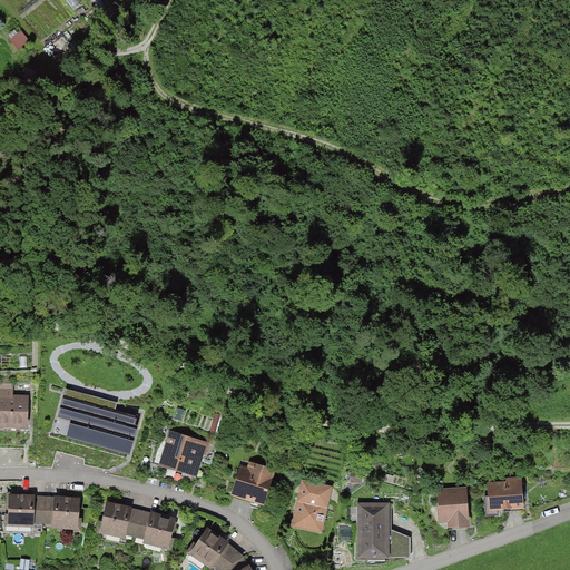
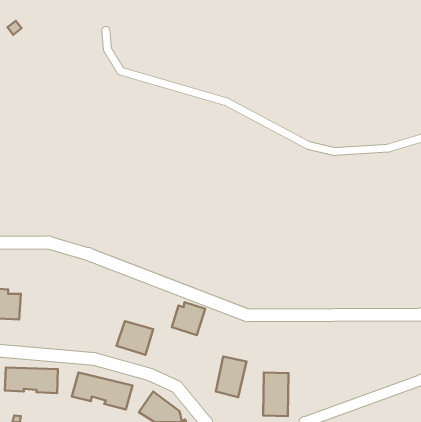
building: [57,387,141,454] -> none
building: [229,461,274,505] -> [172,302,205,335]
building: [485,475,523,510] -> none
building: [435,487,469,527] -> none

